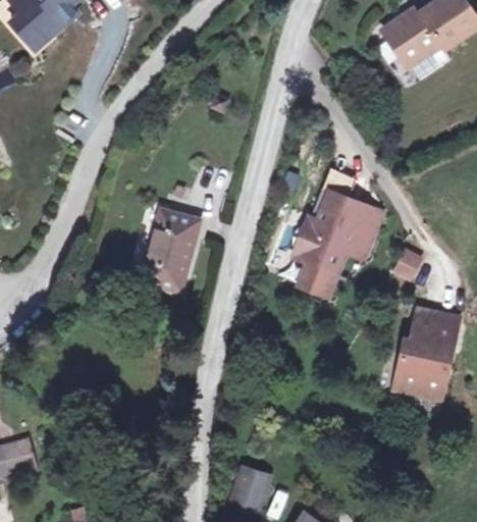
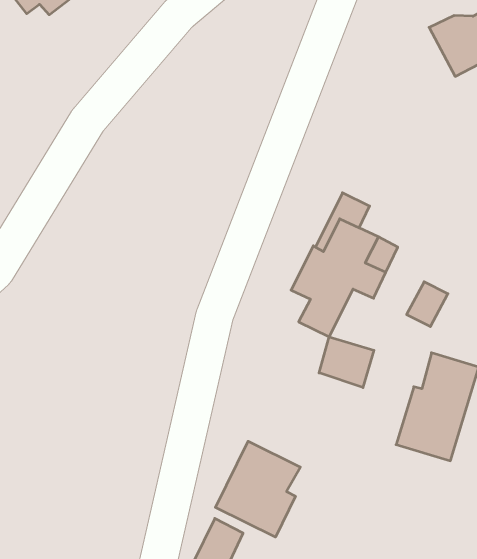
building: [149,209,206,285] -> none
building: none -> [319,337,374,388]
building: none -> [215,441,300,537]

